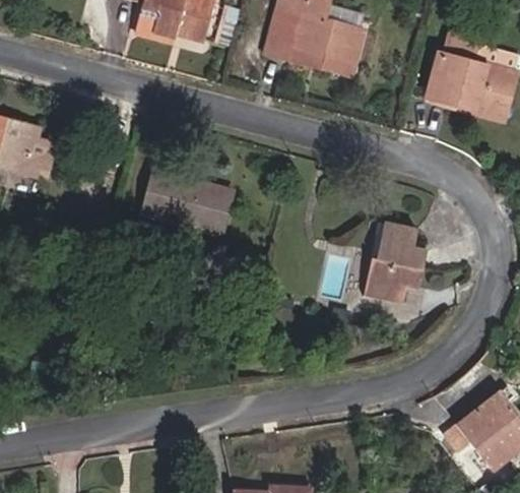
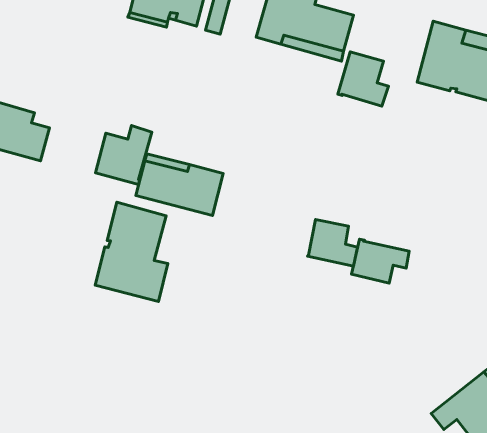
building: none -> [338,52,388,106]
building: none -> [95,126,152,184]
building: none -> [95,202,168,301]
building: [375,224,426,271] -> [308,219,357,266]

